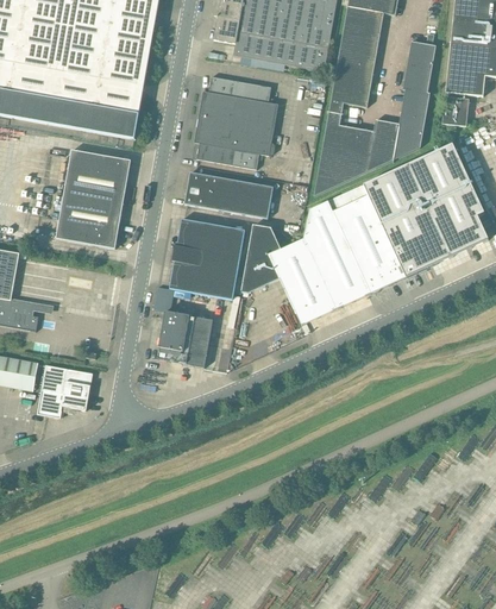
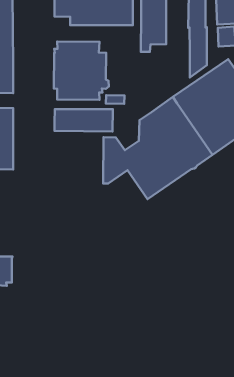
building: [314,111,398,195] -> none
building: [169,218,245,299] -> none
building: [157,310,213,366] -> none

